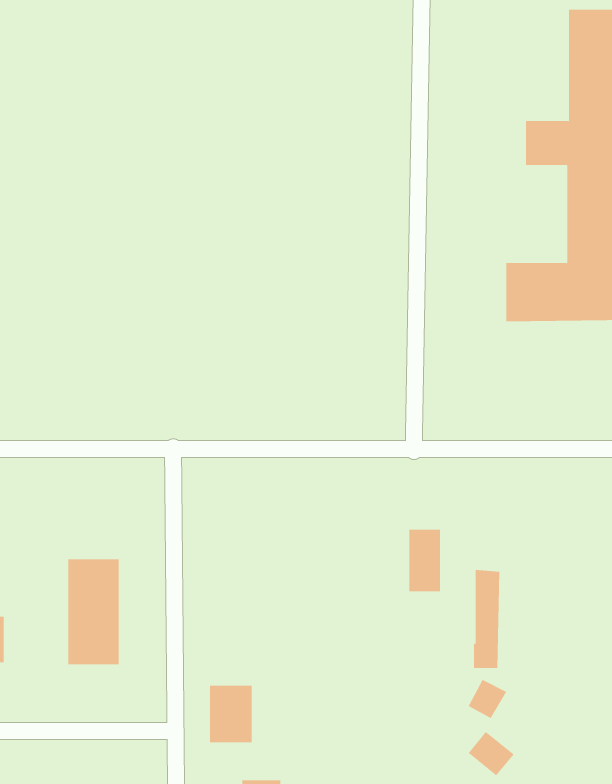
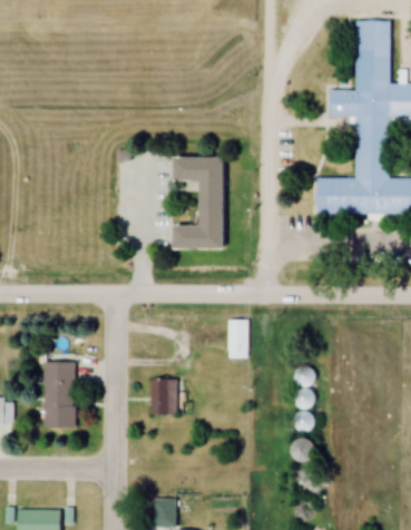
building: none -> [176,158,227,251]
building: [408,529,441,592] -> [227,320,247,359]
building: [209,685,252,743] -> [149,379,176,414]

